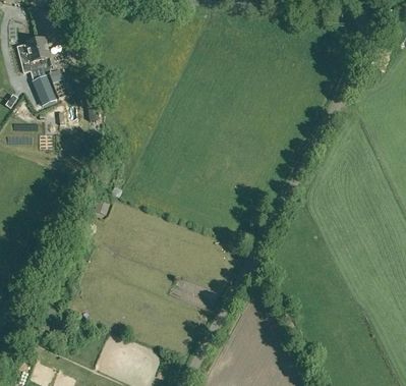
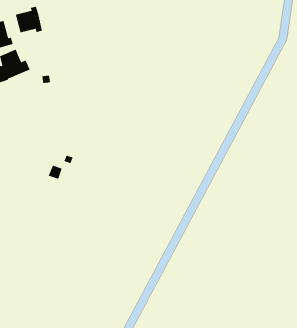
building: none -> [15,6,43,33]

